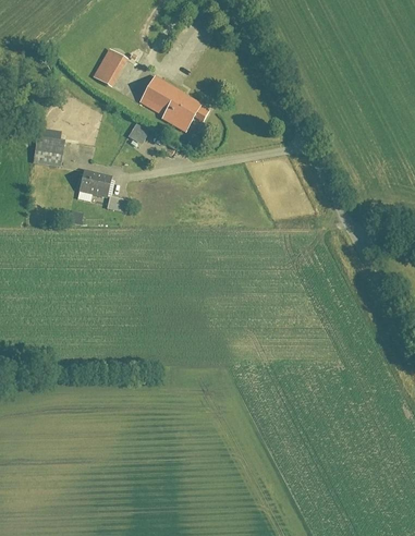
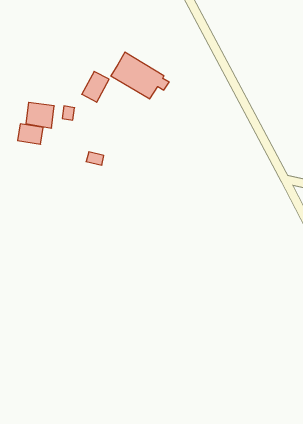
building: [93,46,126,84] -> [82,71,109,102]
building: [81,172,112,197] -> [18,124,43,144]

